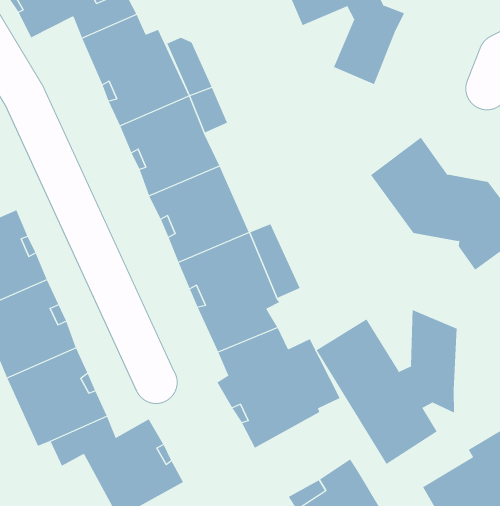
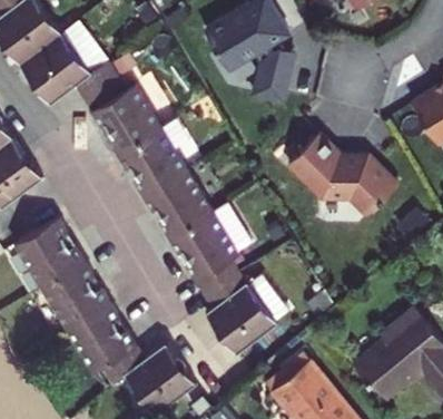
building: [316,309,457,465] -> none

